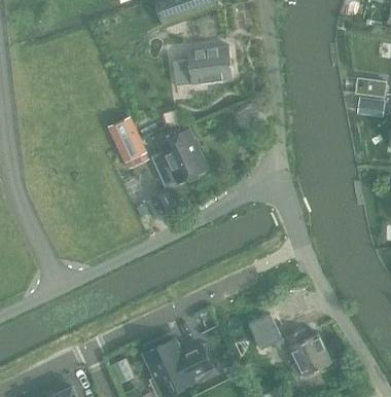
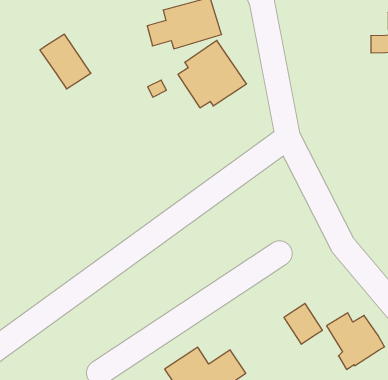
building: [107,114,147,160] -> [40,34,91,89]
building: [151,131,208,185] -> [178,40,247,108]

